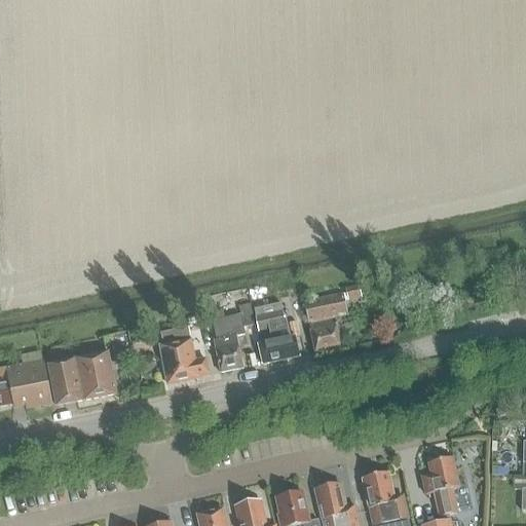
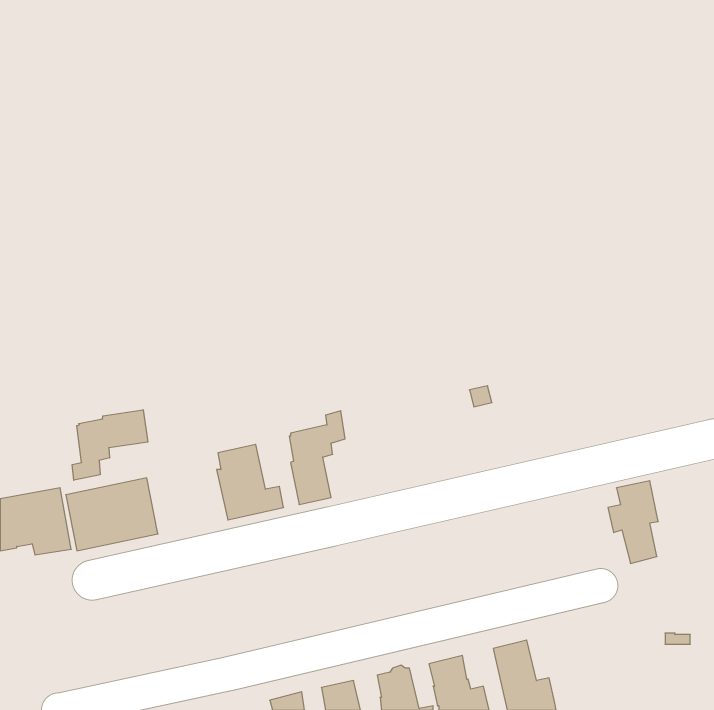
building: [304,293,347,351] -> none
building: [254,301,299,363] -> none
building: none -> [72,410,148,480]
building: [422,456,459,517] -> [608,481,658,563]

